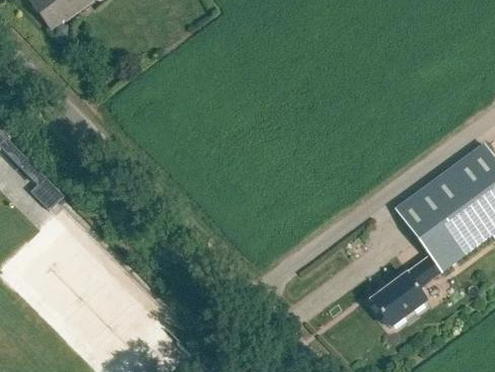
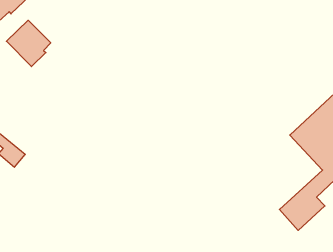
building: none -> [6,20,51,67]

